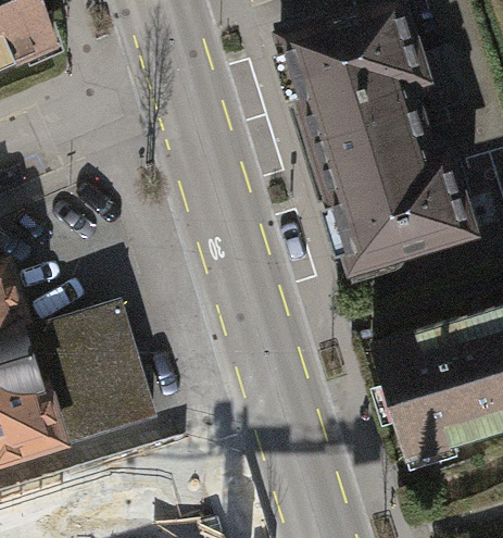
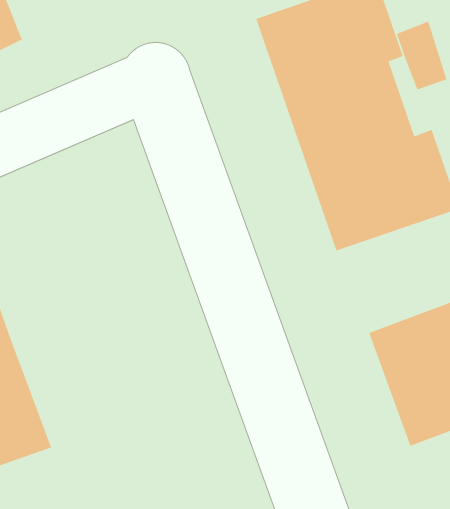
building: [30,310,156,446] -> none

